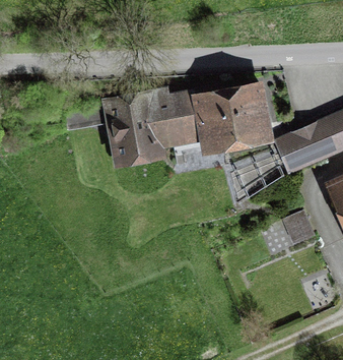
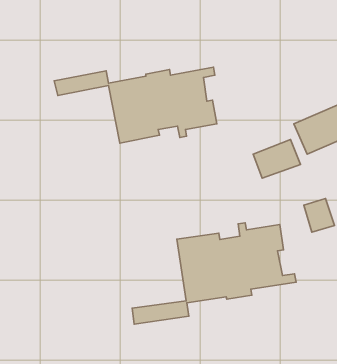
building: [196,88,264,146] -> none
building: none -> [132,223,296,324]

